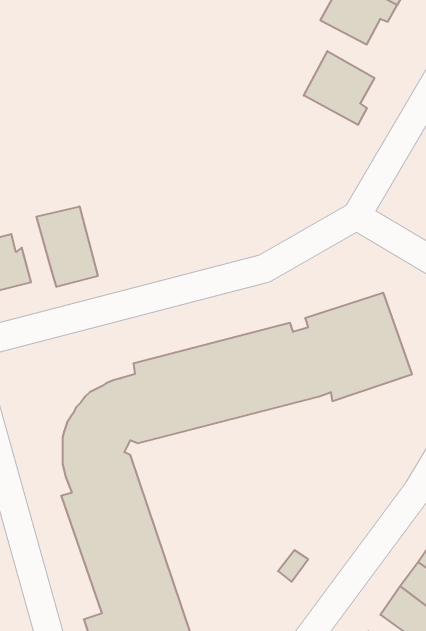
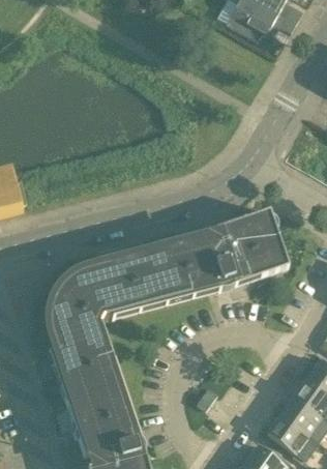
building: [304,51,374,125] -> none
building: [36,206,98,287] -> none

